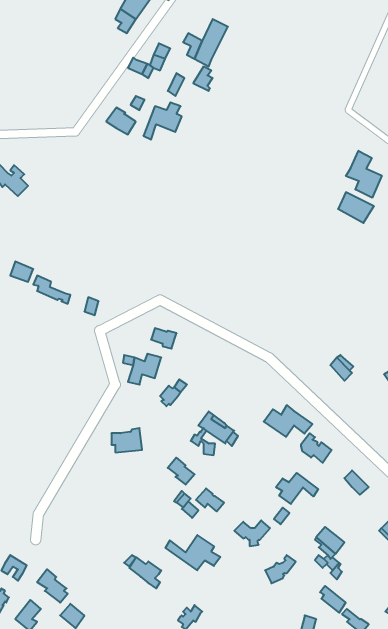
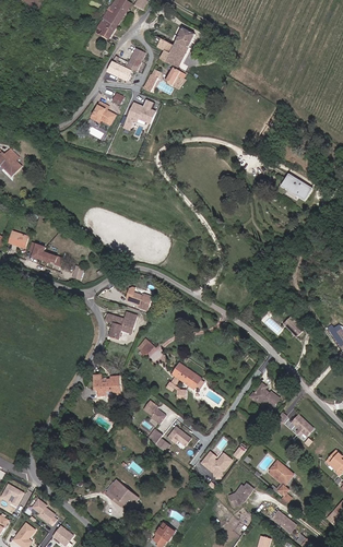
building: [346,151,382,198] -> none
building: [264,405,312,437] -> none
building: [276,473,318,504] -> none
building: [166,535,220,570] -> none

